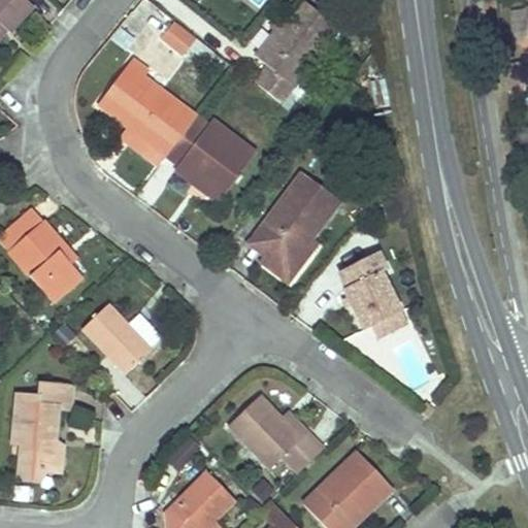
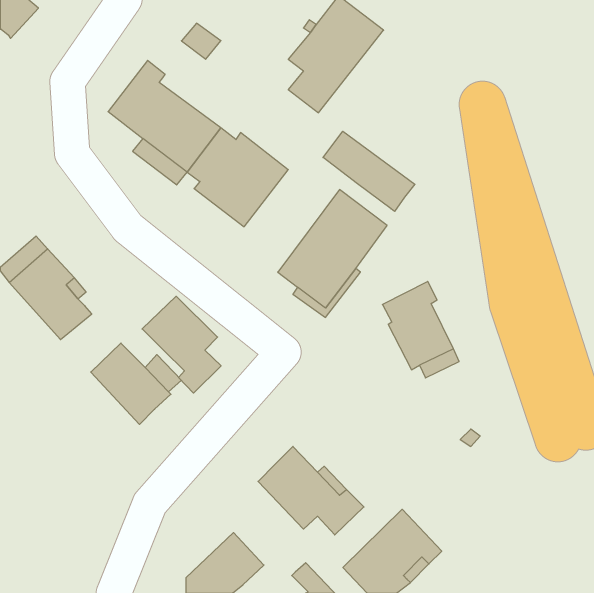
building: none -> [323,131,415,211]
building: none -> [142,296,221,393]
building: [14,385,73,480] -> none

